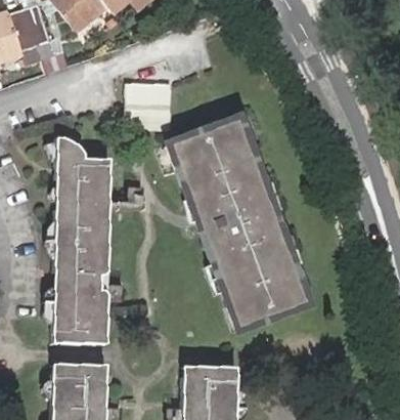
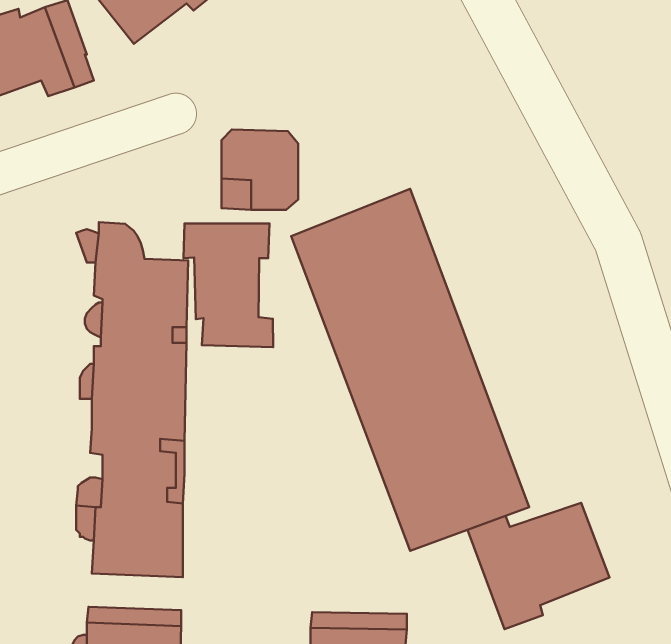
building: none -> [183,224,273,347]
building: none -> [467,503,609,629]

